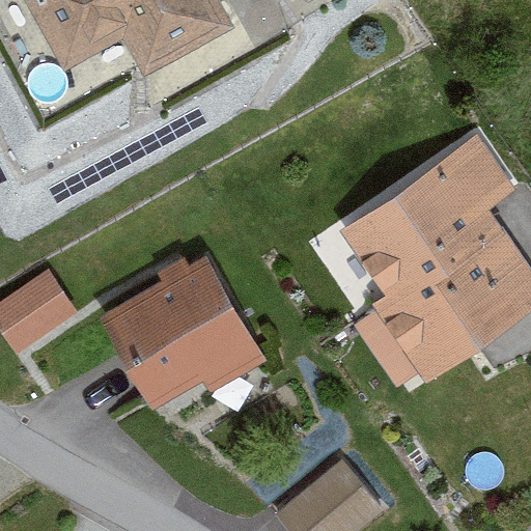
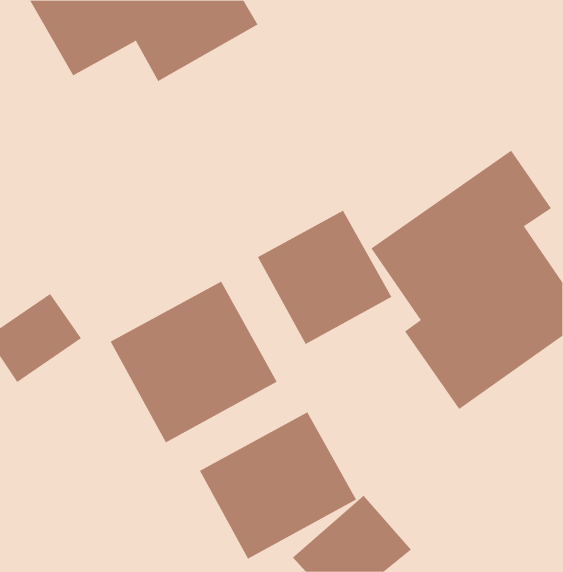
building: none -> [257,210,392,345]
building: none -> [199,412,357,560]

